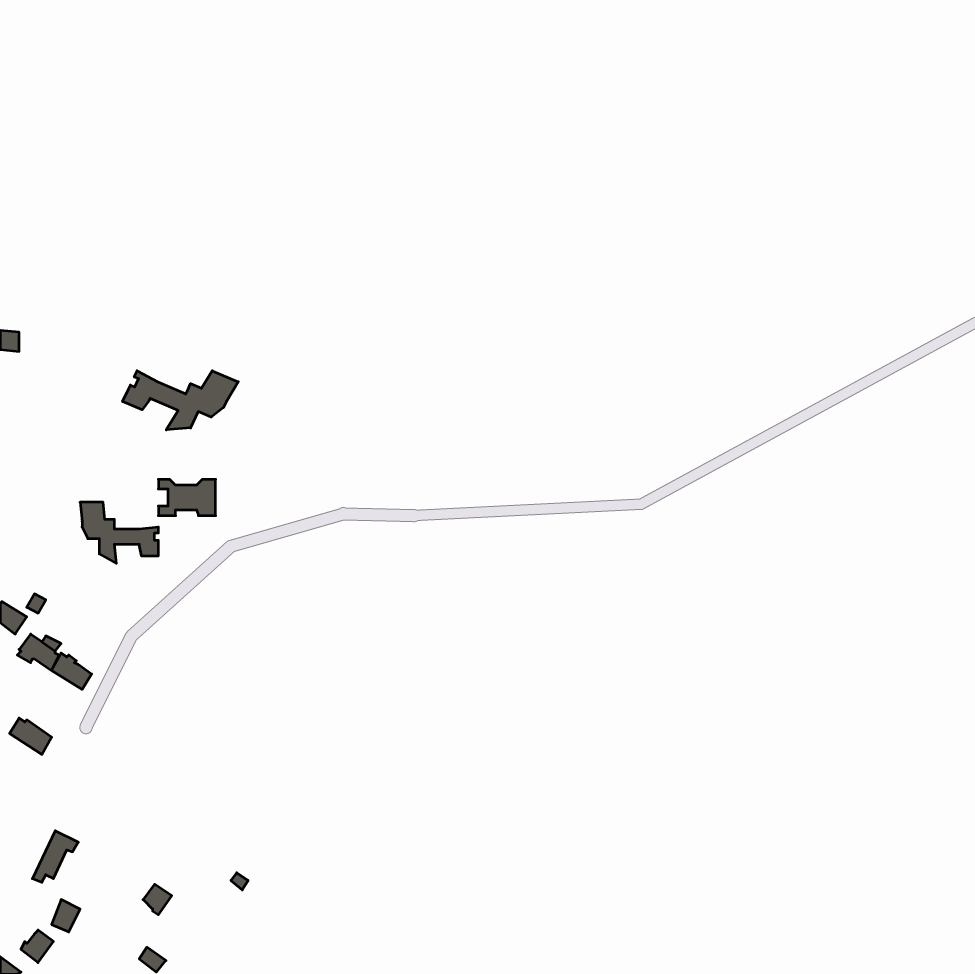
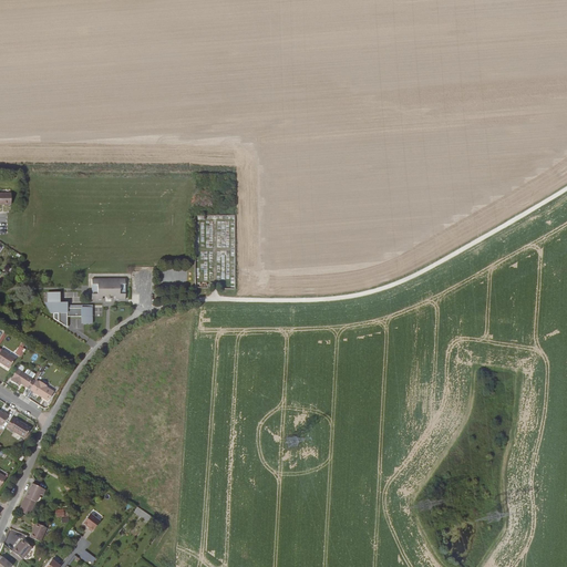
building: [123,371,238,430] -> none

